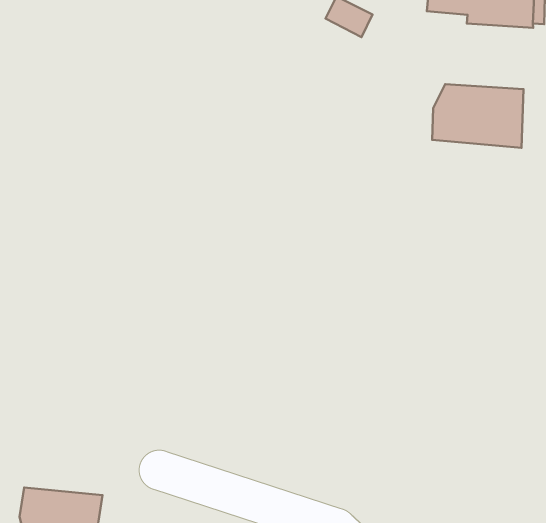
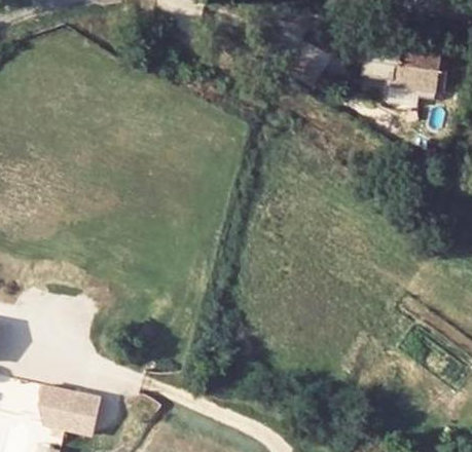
building: [432,84,523,148] -> none

